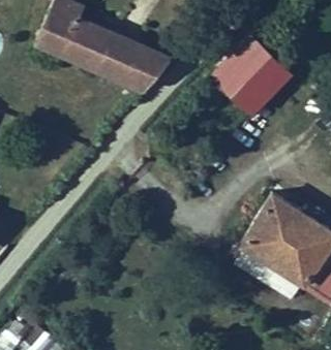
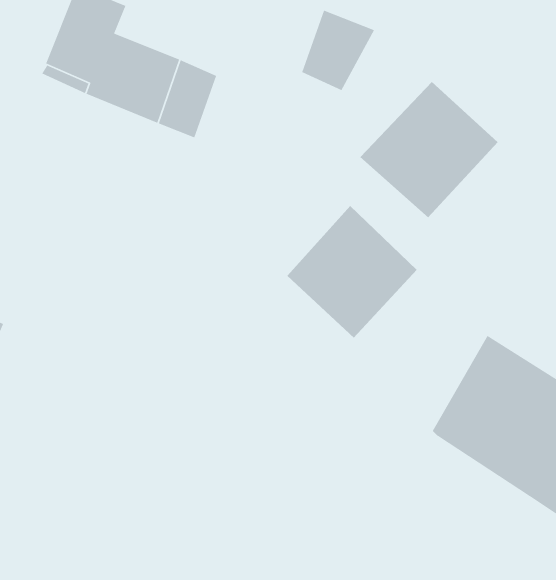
building: [115,44,156,90] -> [301,10,375,91]
building: none -> [287,205,417,338]

